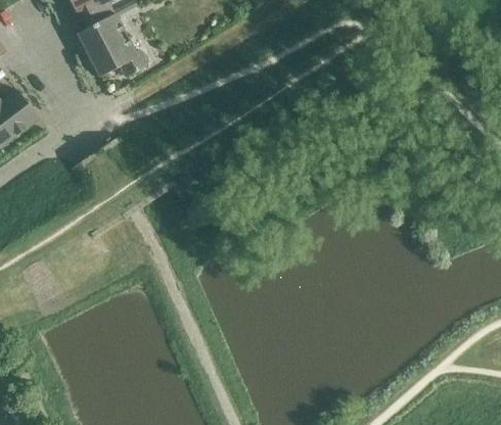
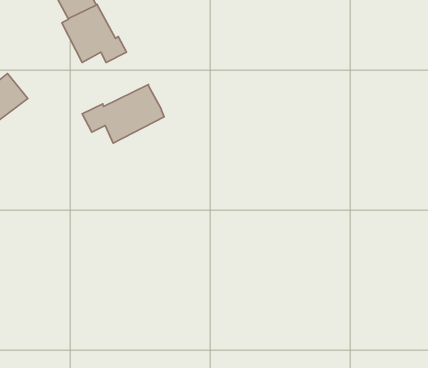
building: none -> [82,85,164,143]

